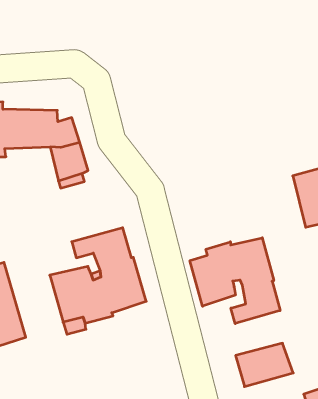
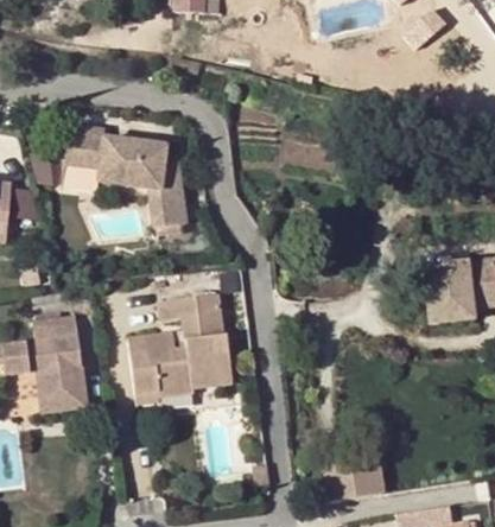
building: [190,238,280,324] -> none

